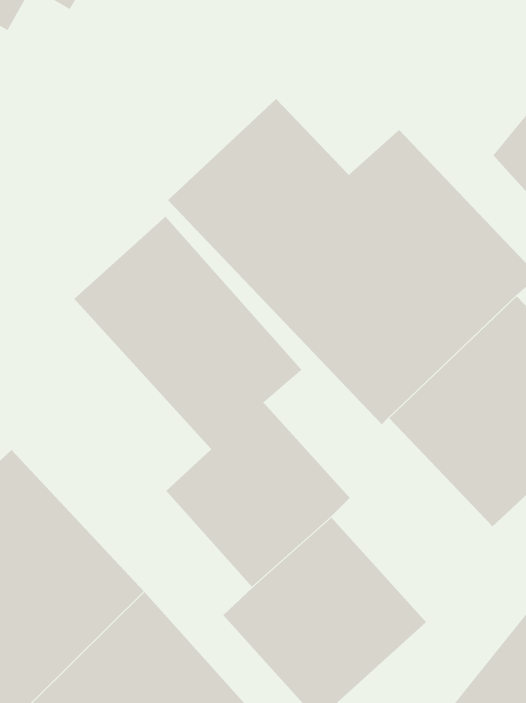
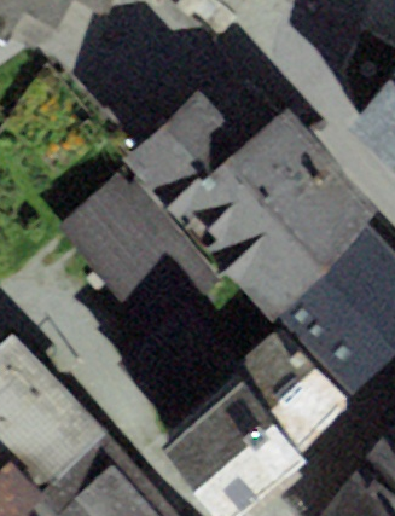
building: none -> [237,336,354,456]

